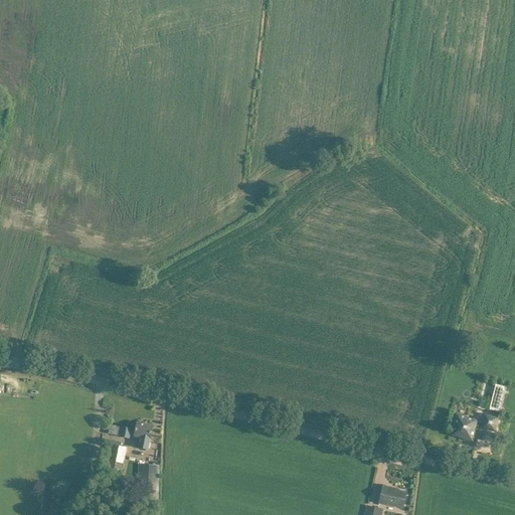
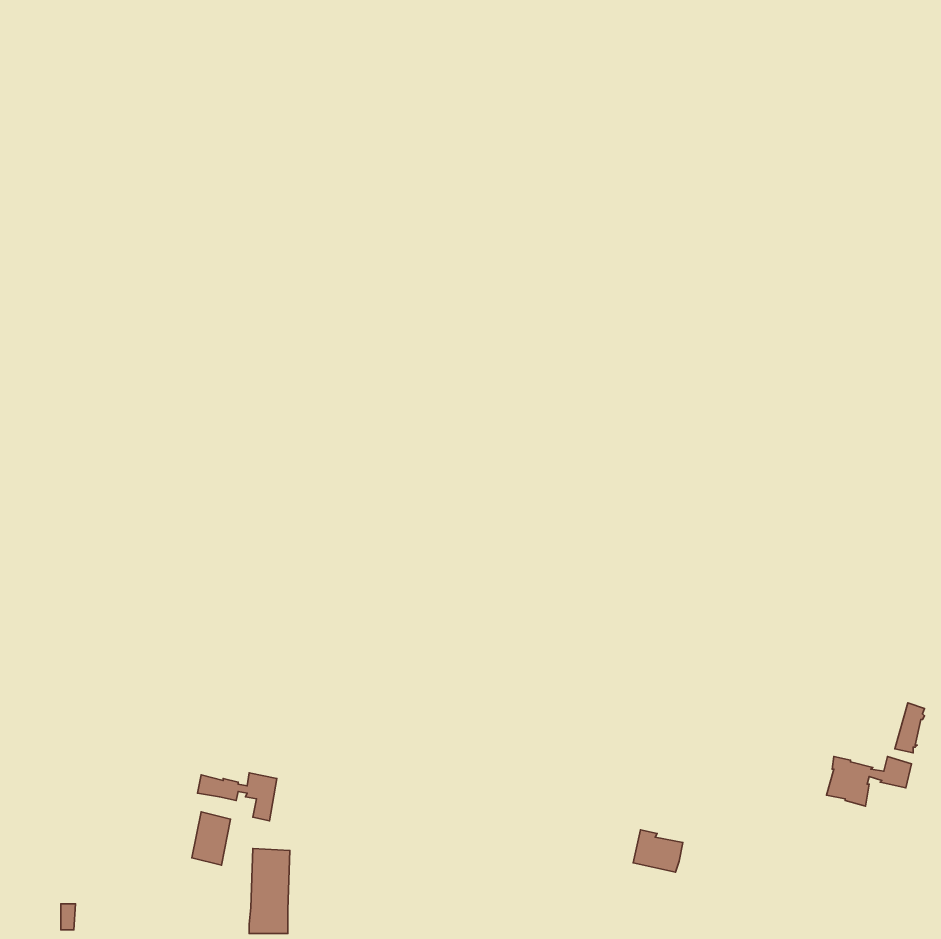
building: [378,484,405,507] -> [633,830,683,872]

